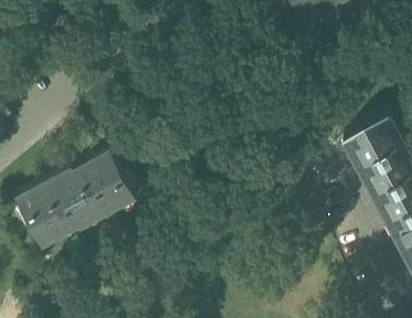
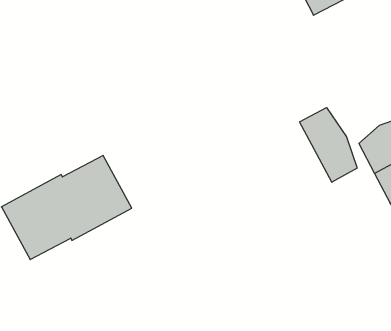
building: none -> [300,108,357,182]

